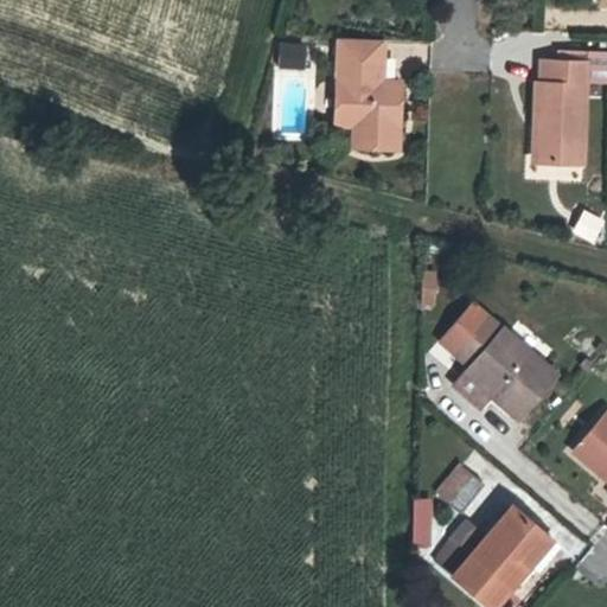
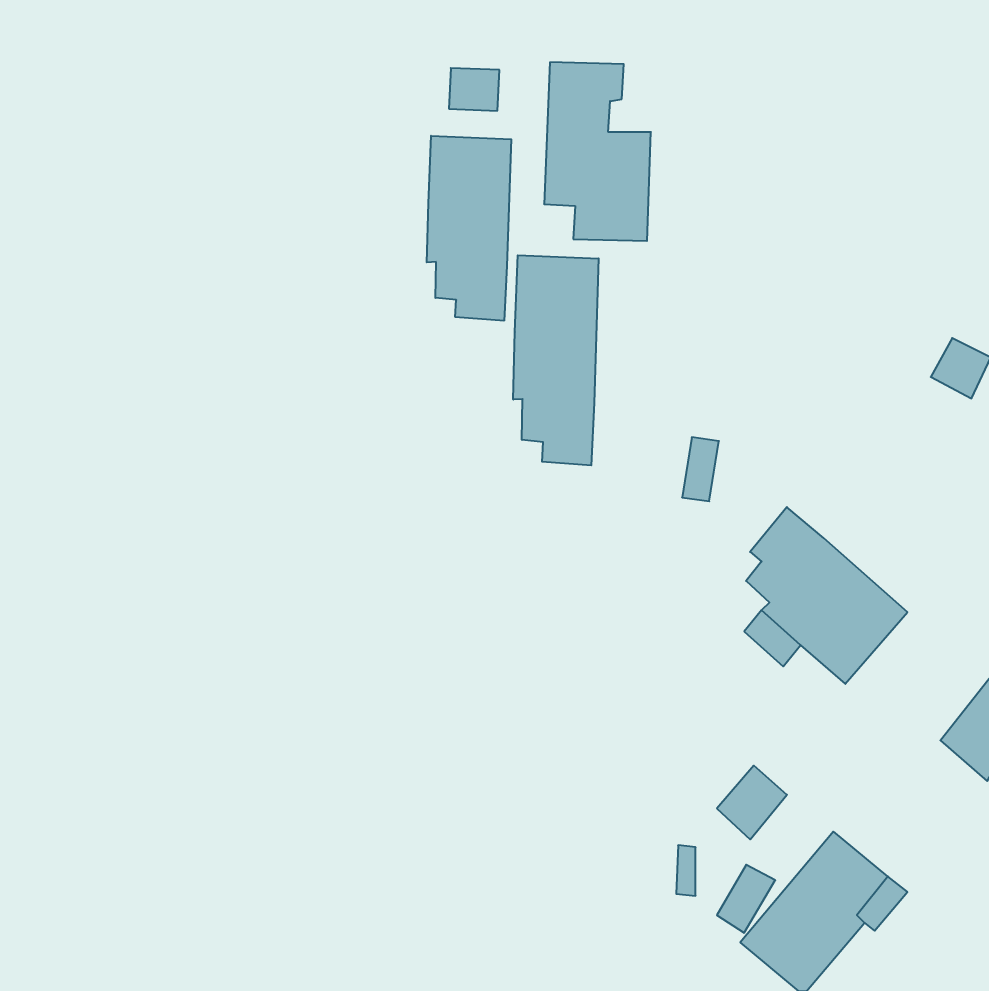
building: [533,59,584,162] -> none
building: none -> [427,136,511,321]
building: none -> [513,255,599,465]

